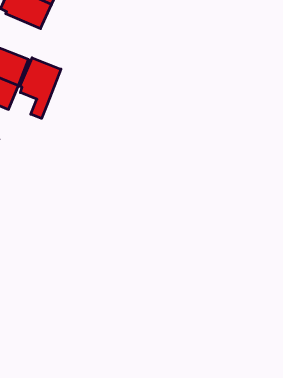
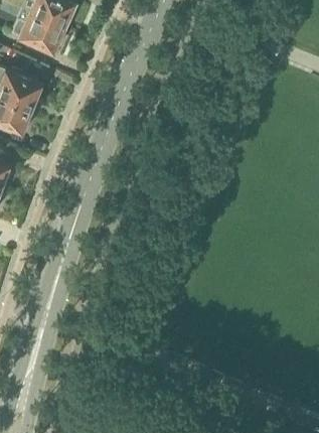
building: [20,58,61,118] -> none

